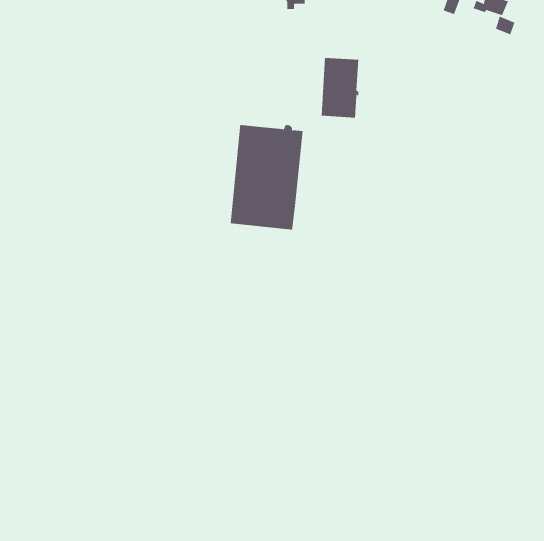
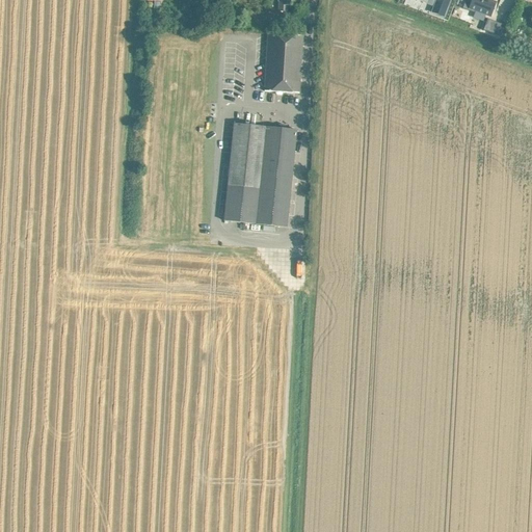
building: [321,57,359,118] -> [265,32,302,91]

